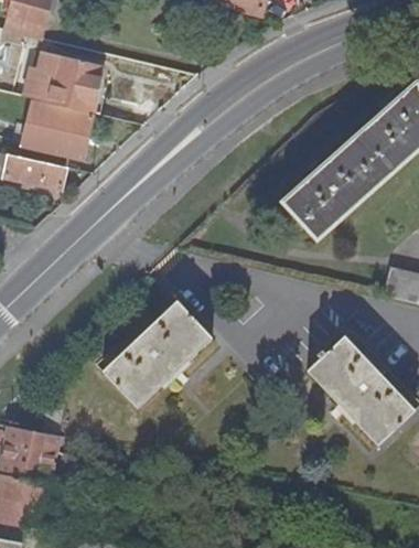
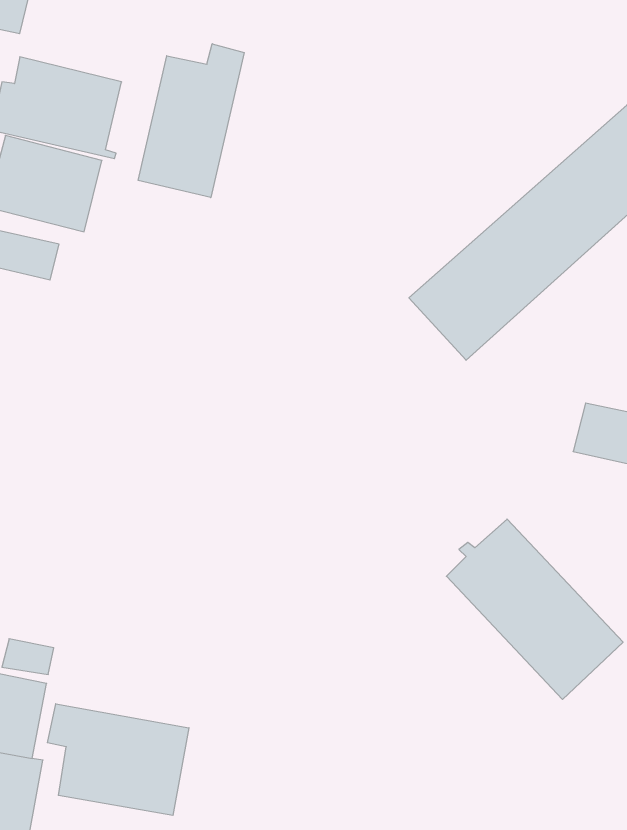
building: none -> [138,44,244,198]
building: [100,300,211,409] -> none
building: none -> [47,704,189,815]

